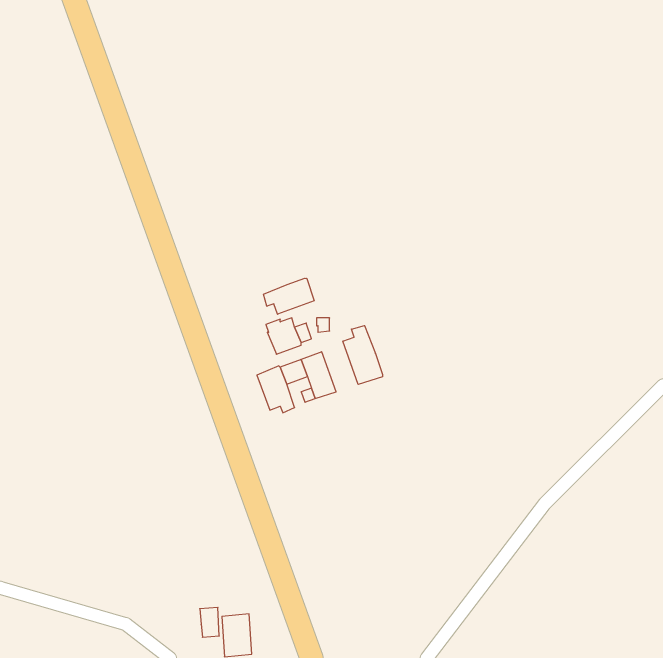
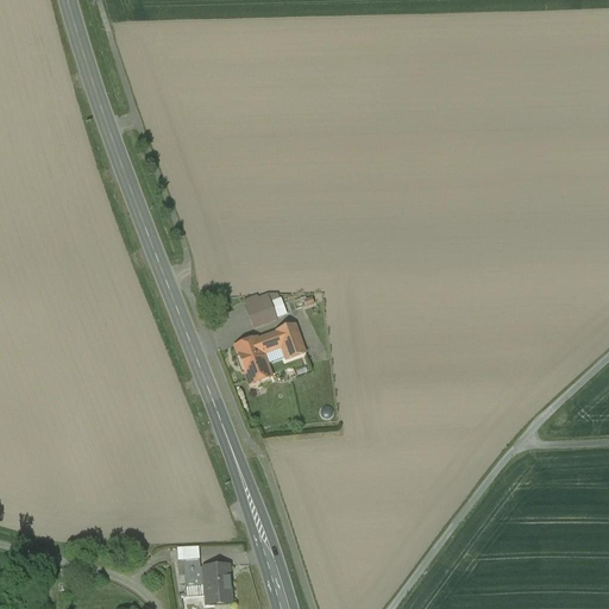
building: [263,278,314,314] -> none
building: [343,326,383,384] -> none

